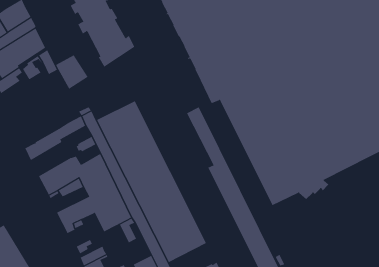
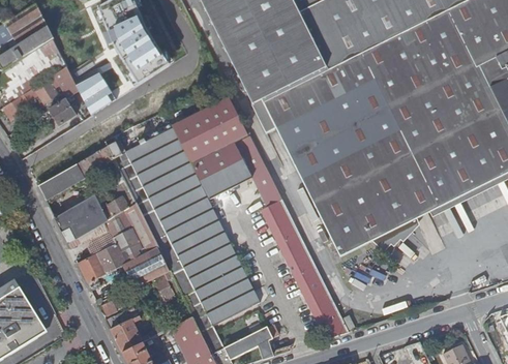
building: none -> [172,96,251,199]
building: none -> [48,98,76,125]

